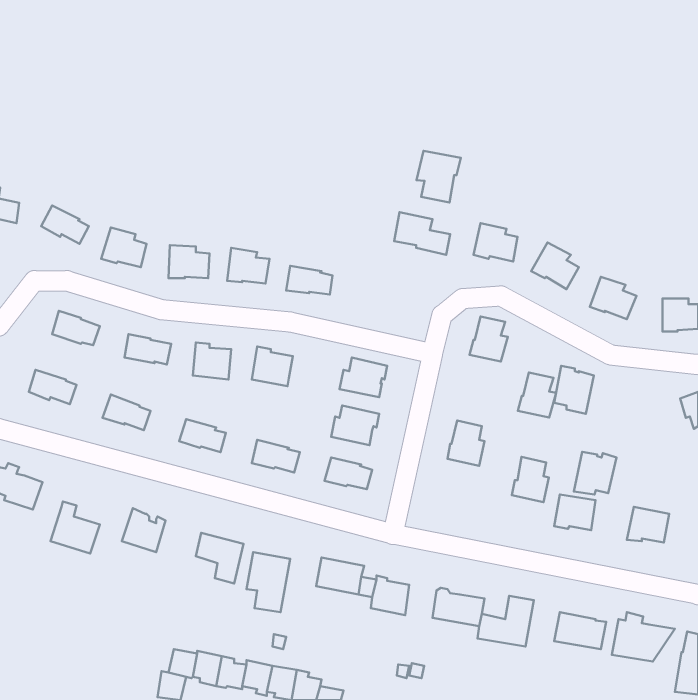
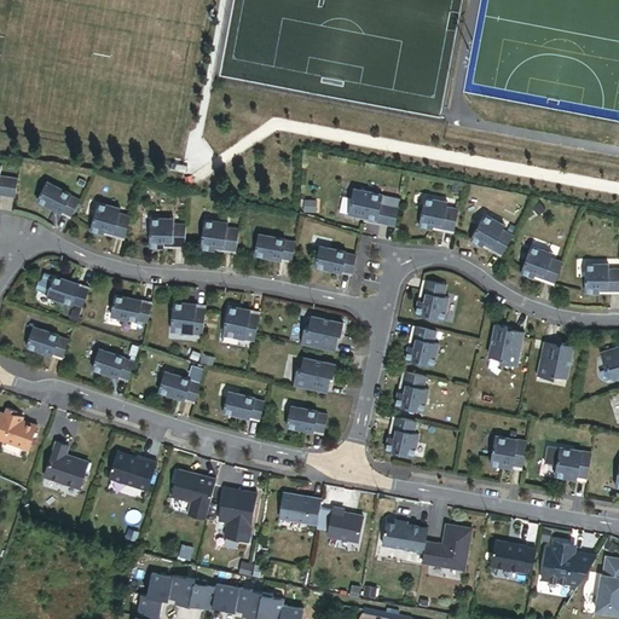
building: [417,151,461,202] -> none
building: none -> [314,245,355,272]
building: [518,372,556,418] -> [405,325,439,365]
building: [574,452,616,494] -> [537,340,574,377]
building: [512,457,549,502] -> [386,416,418,456]

